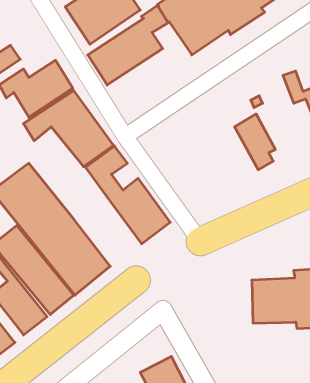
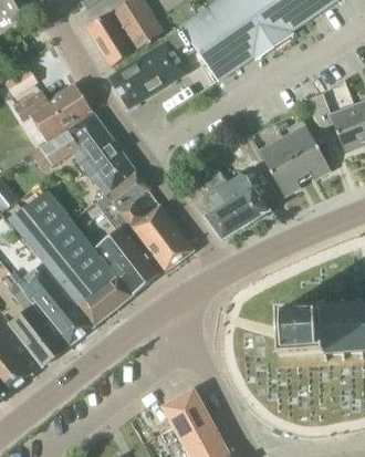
building: none -> [282,126,331,179]
building: none -> [196,168,269,240]
building: none -> [96,194,160,294]

